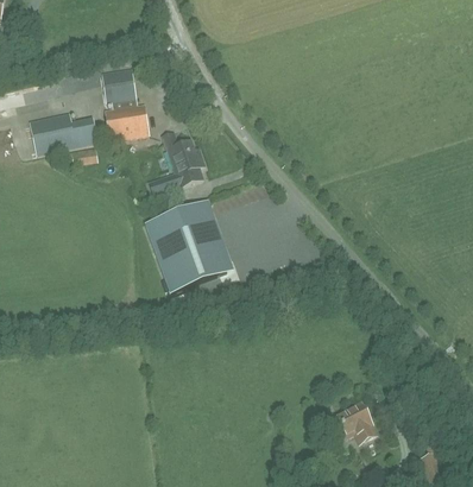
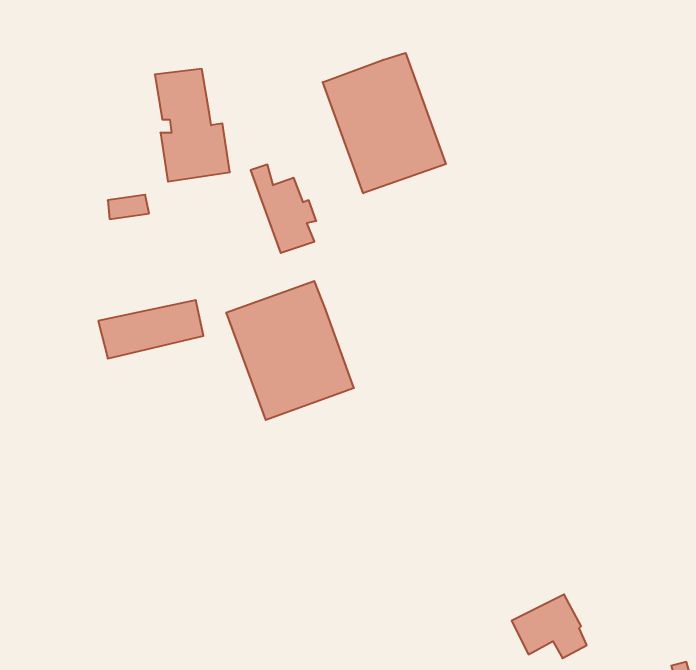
building: none -> [323,53,446,193]
building: [31,118,97,154] -> [98,300,203,359]

